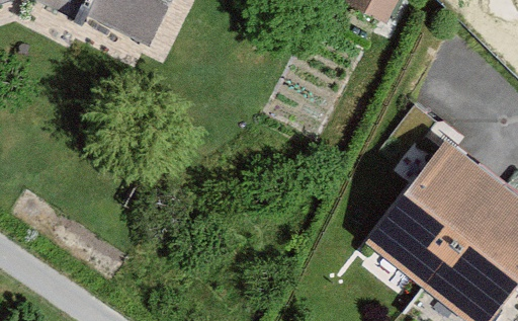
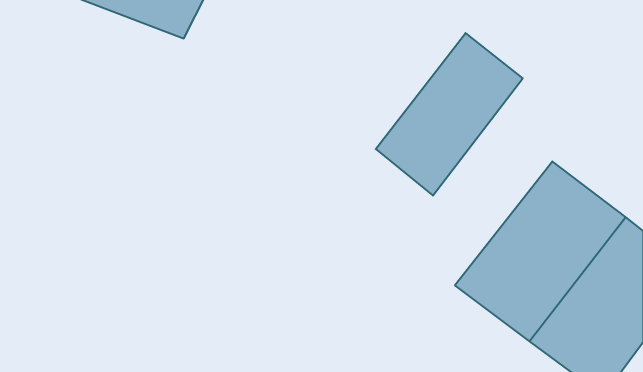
building: none -> [376,33,523,196]

